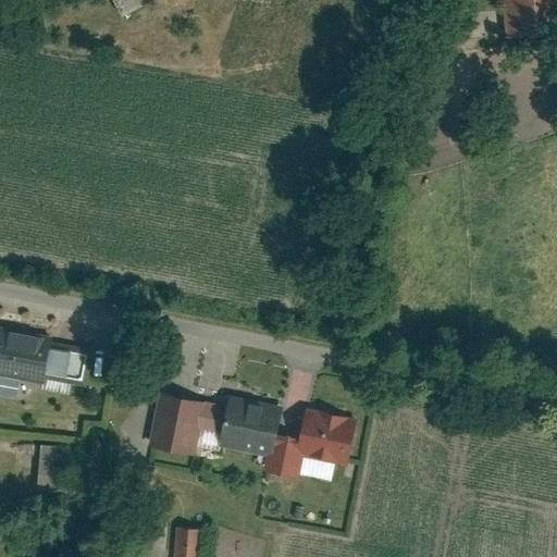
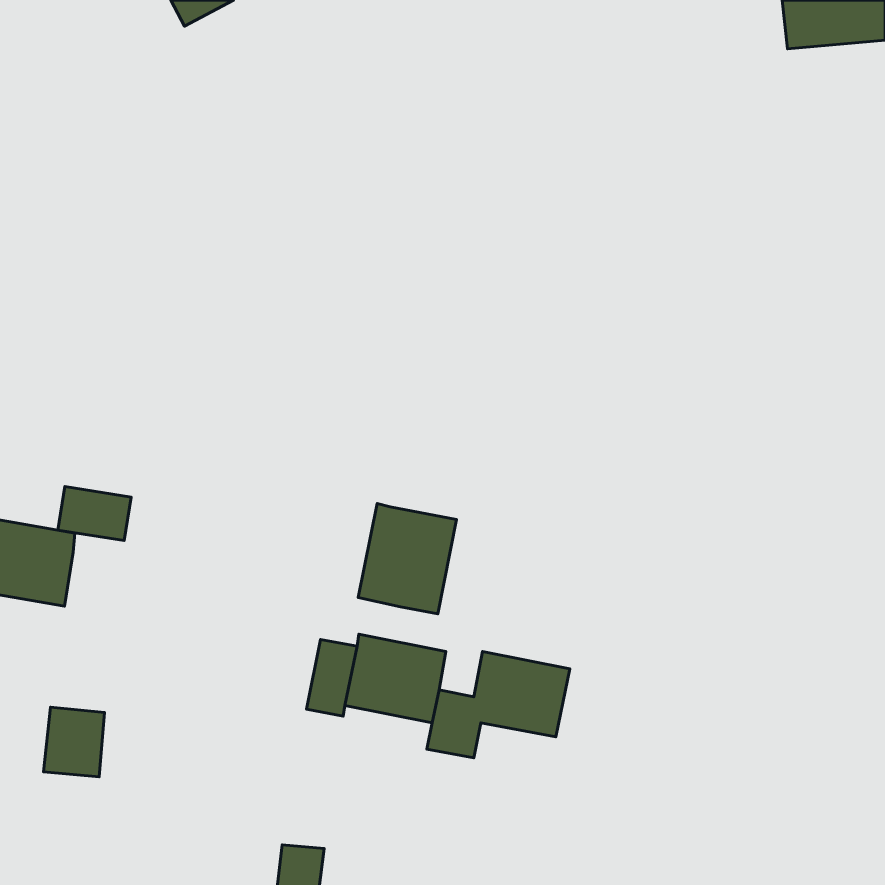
building: none -> [358,503,457,614]
building: [41,348,87,382] -> [58,487,131,541]
building: [146,394,200,453] -> none

